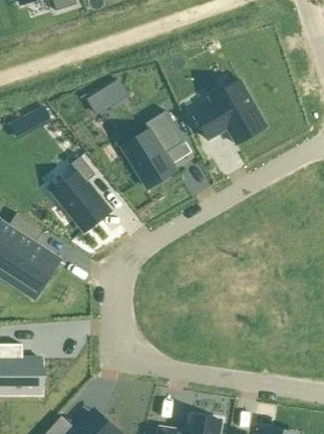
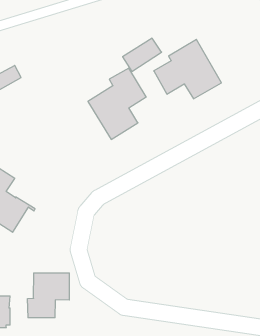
building: [87,79,129,116] -> [123,38,162,72]
building: [51,154,108,229] -> none
building: none -> [28,273,69,318]

